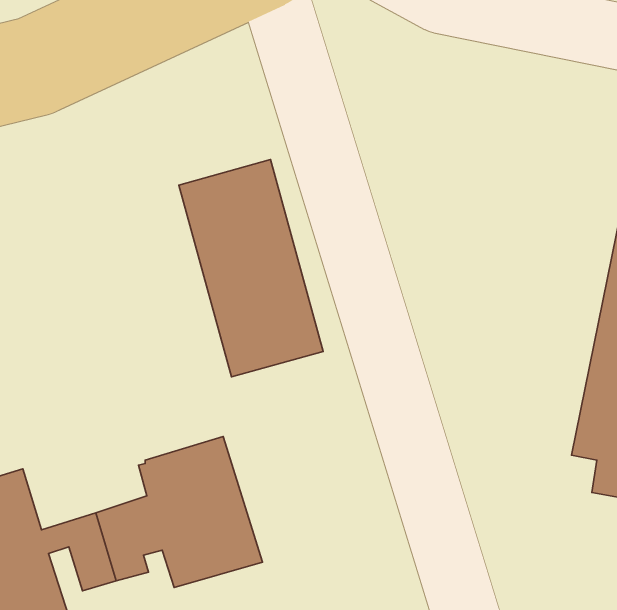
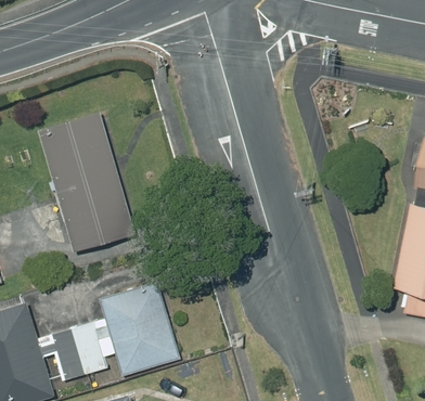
building: [179,160,323,377] -> [42,113,134,251]

